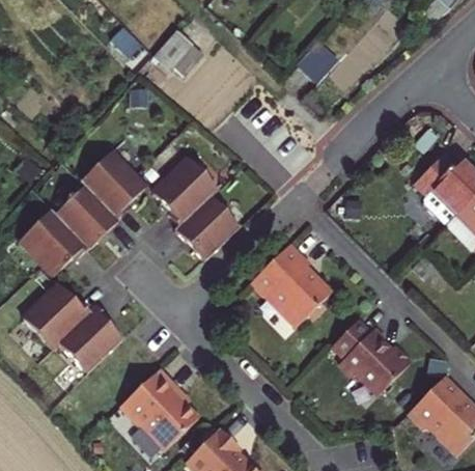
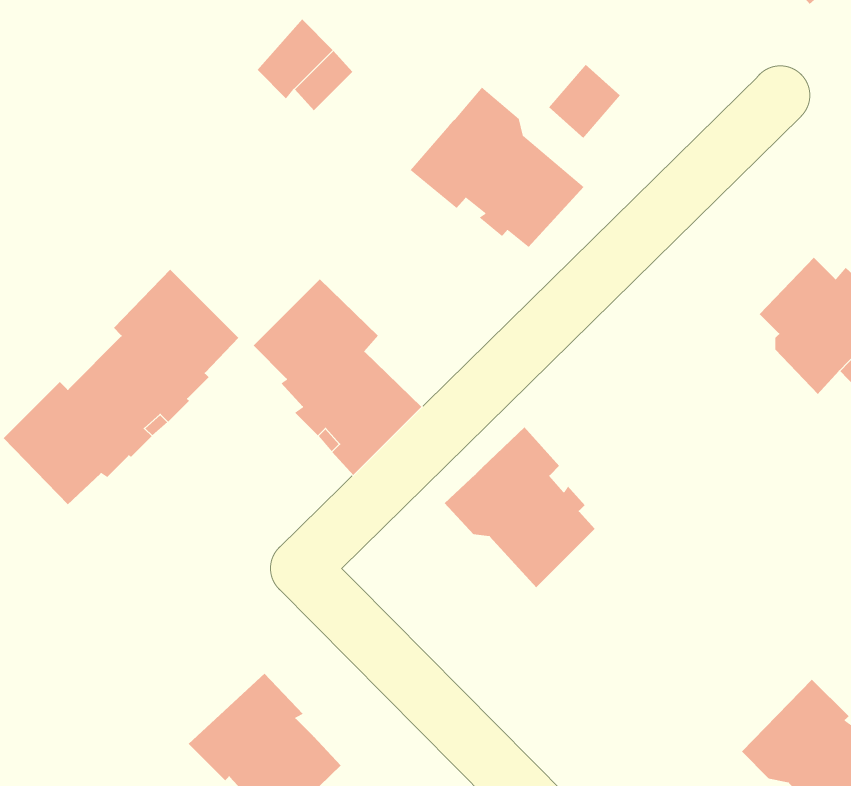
building: none -> [410,86,585,248]
building: [26,286,125,376] -> none
building: [333,313,413,388] -> none

